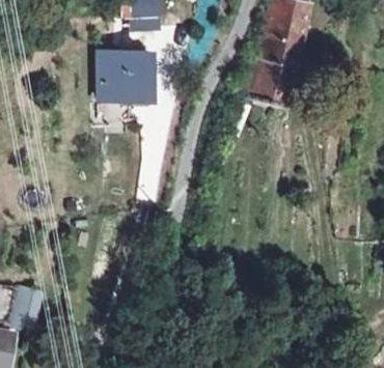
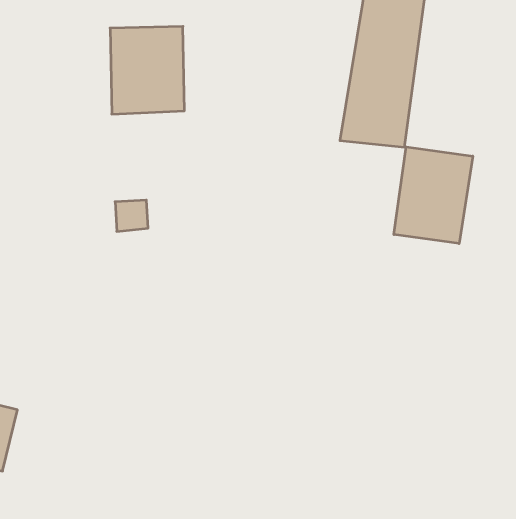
building: none -> [394,147,473,244]

